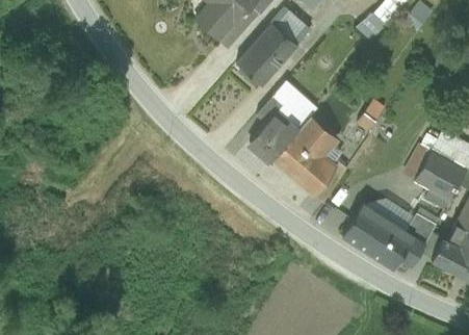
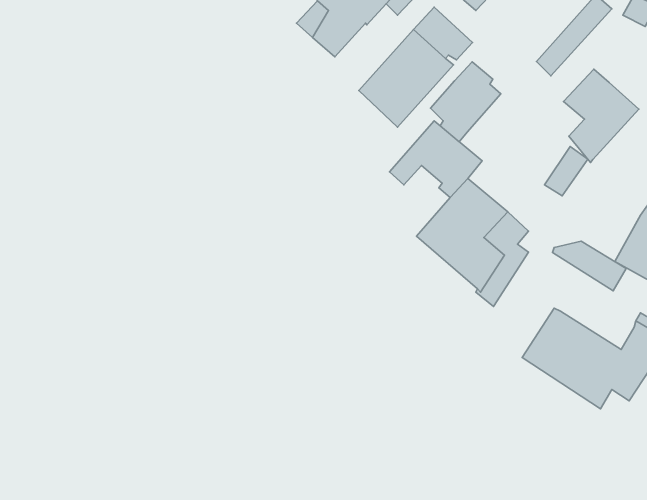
building: none -> [564,69,639,163]
building: [249,110,294,162] -> [431,62,501,142]
building: [366,198,414,230] -> [553,241,626,291]

